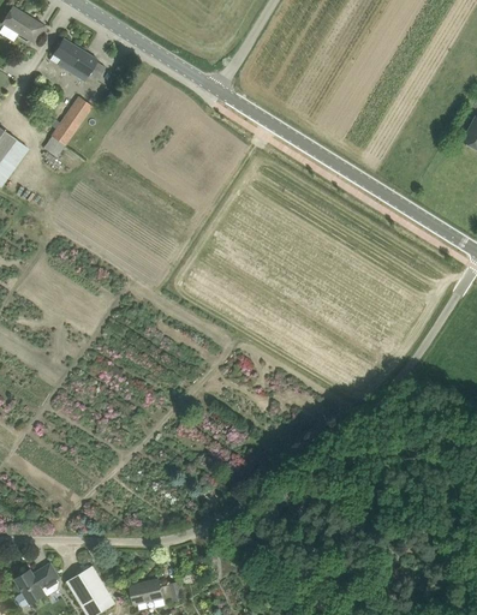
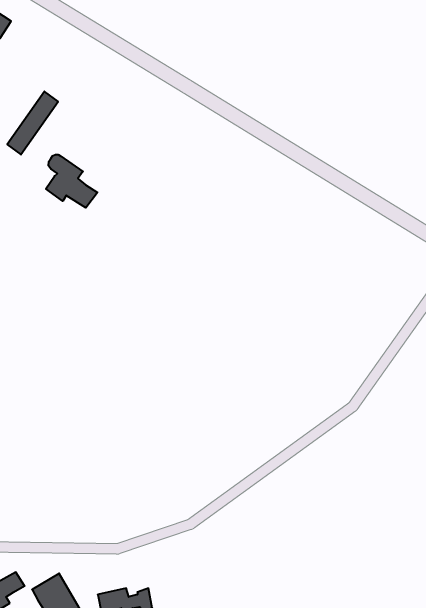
building: [53,37,106,80] -> none
building: none -> [46,155,97,208]

